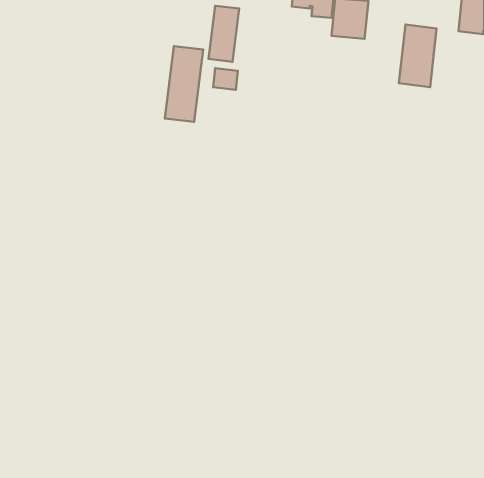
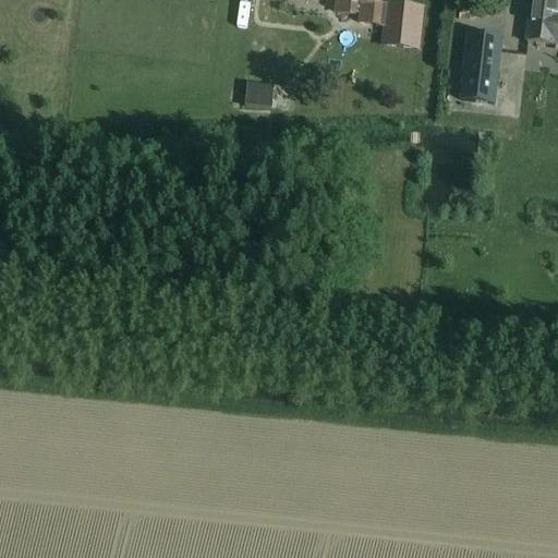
building: [209,6,239,62] -> none
building: [165,46,203,122] -> none

